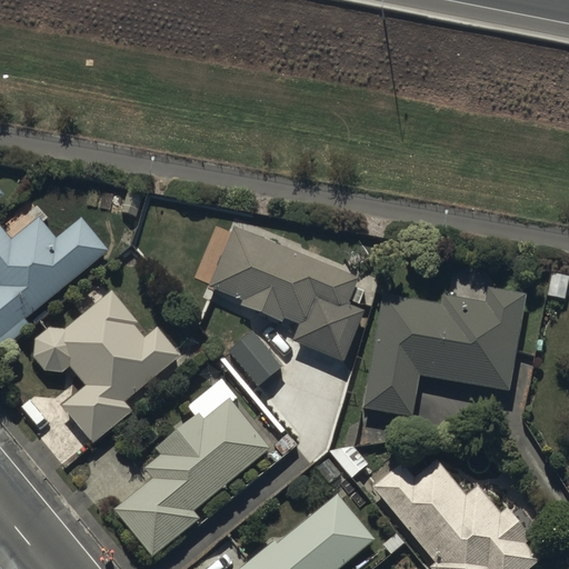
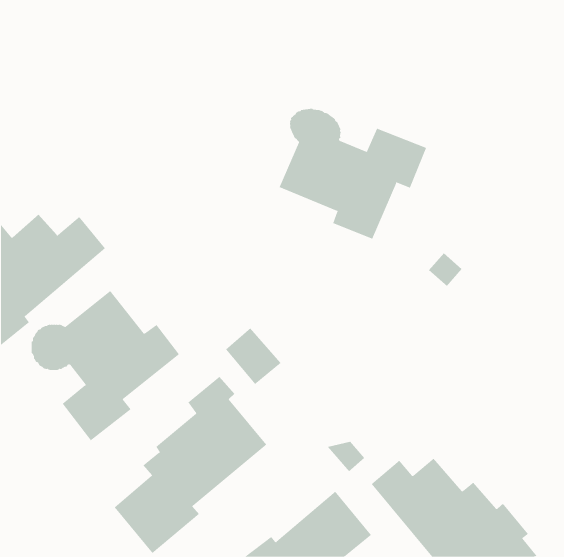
building: none -> [279,108,427,240]
building: [208,227,366,362] -> none
building: [363,289,525,416] -> none

